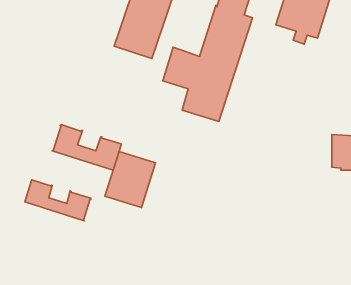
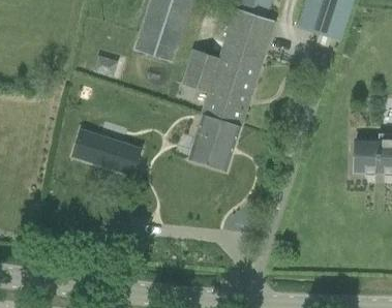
building: [105,152,156,207] -> [188,114,240,171]
building: [25,180,91,221] -> none

